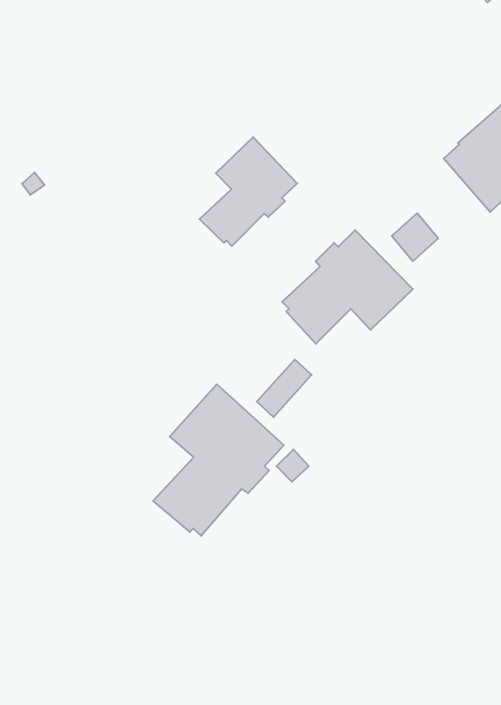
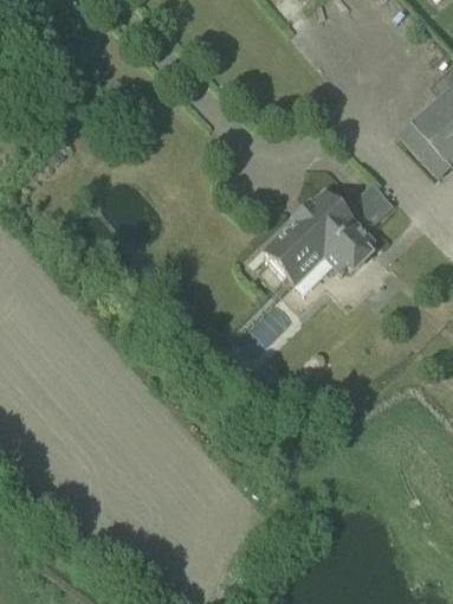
building: [199,137,297,246] -> none
building: [153,384,284,536] -> none

